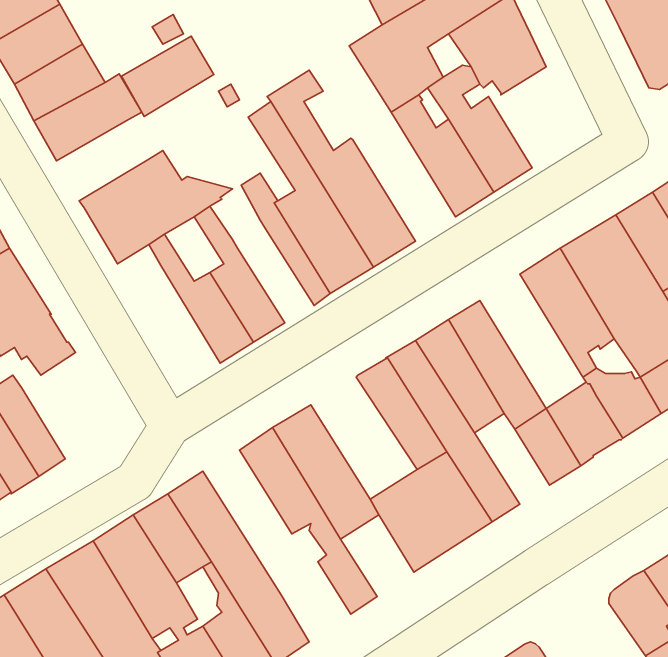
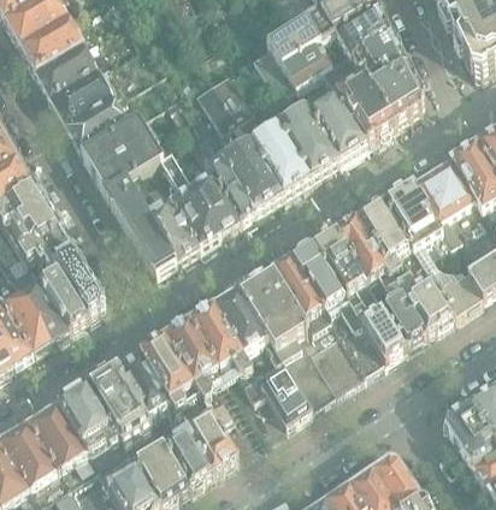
building: [122,36,214,116] -> [65,94,129,149]
building: none -> [240,42,341,177]
building: none -> [364,57,425,126]
building: none -> [190,168,243,233]
building: none -> [107,179,178,273]
building: none -> [358,200,431,292]
building: none -> [41,254,105,327]
building: none -> [241,271,314,355]
building: none -> [354,296,406,358]
building: none -> [166,321,234,421]
building: none -> [261,366,312,422]

